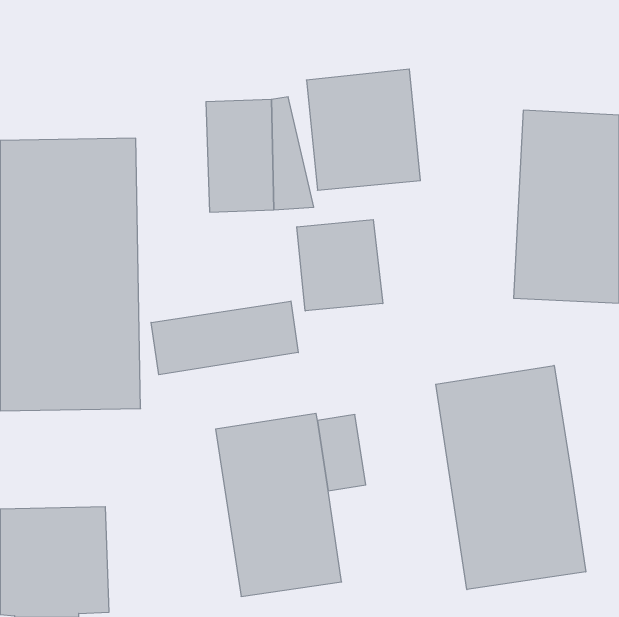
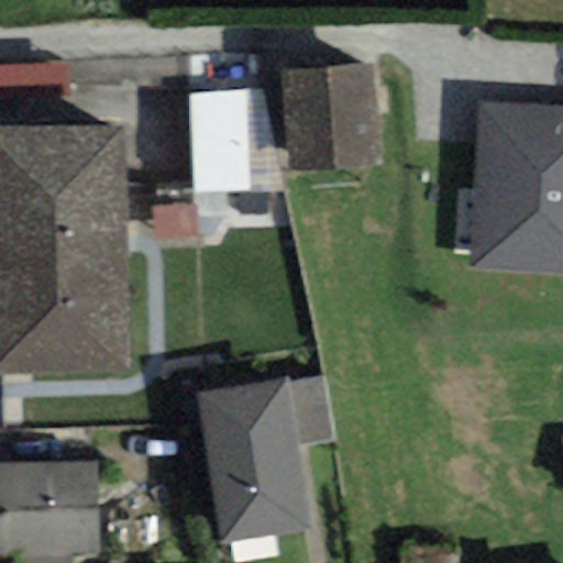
building: [297,220,383,311] -> none
building: [151,301,298,375] -> none
building: [436,365,586,590] -> none

